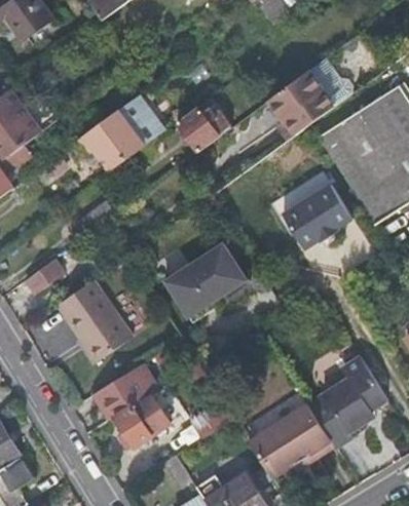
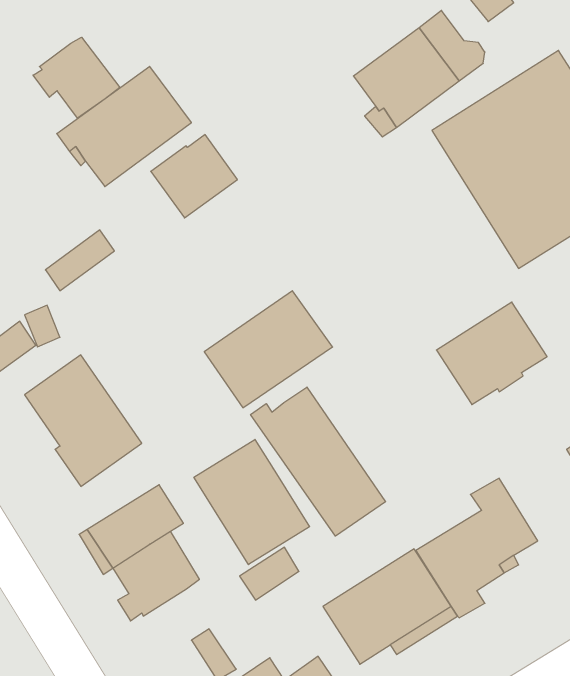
building: none -> [33,37,120,118]
building: [176,98,231,151] -> [151,135,237,218]
building: [282,184,352,249] -> [436,302,547,405]
building: none -> [251,387,386,536]
building: none -> [194,439,310,565]

